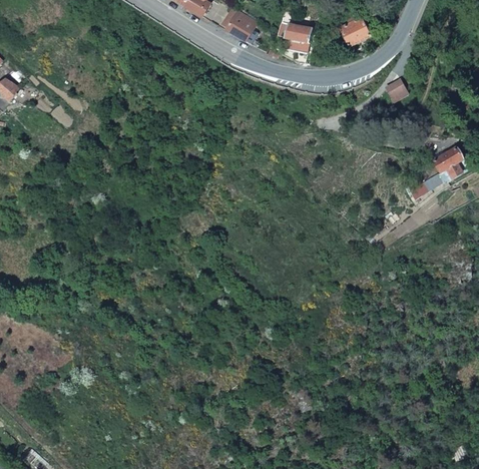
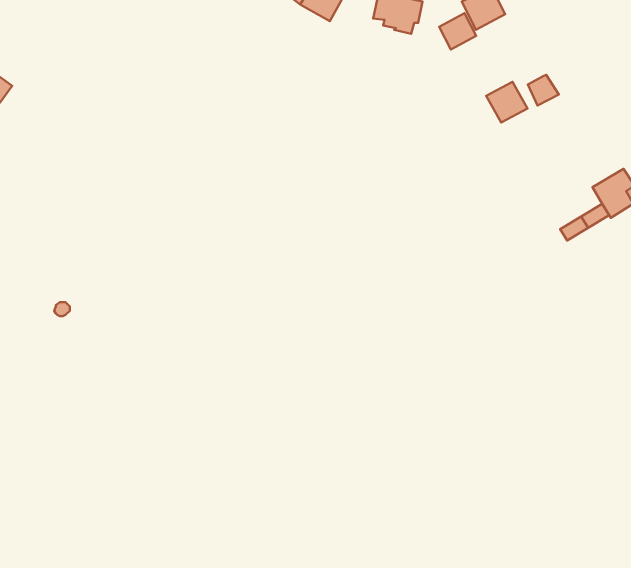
building: none -> [439,13,476,49]
building: none -> [486,82,527,123]

